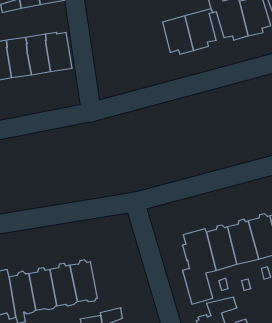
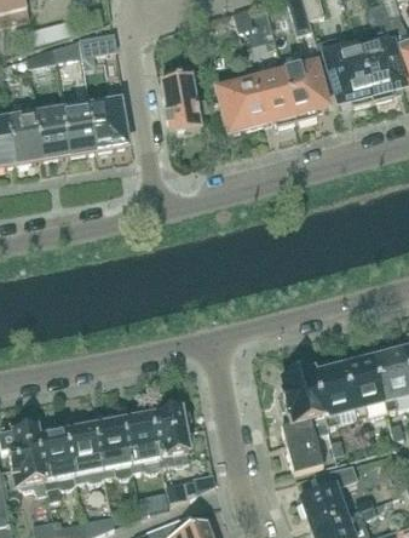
building: none -> [161,62,201,133]
building: none -> [218,80,264,131]
building: none -> [152,407,191,465]

